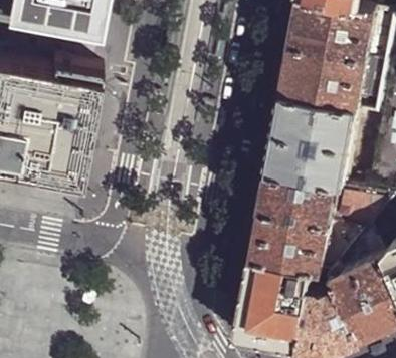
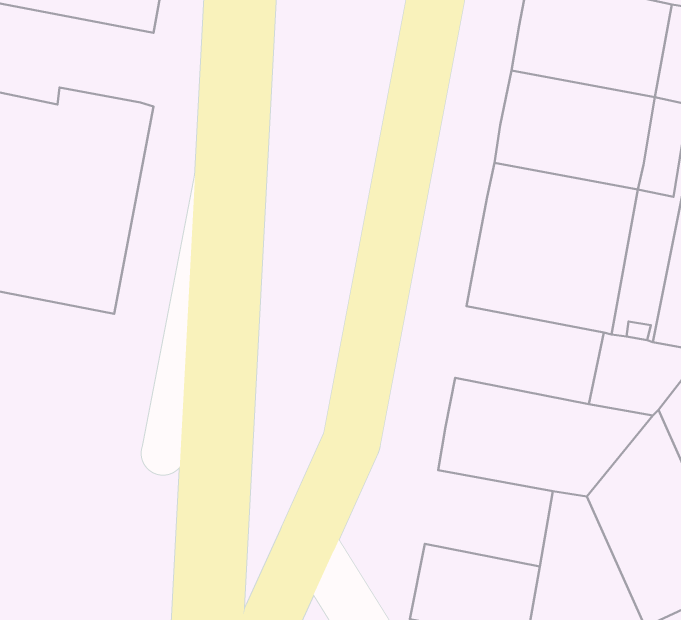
building: [257,178,337,231] -> none
building: [241,266,310,317] -> none

